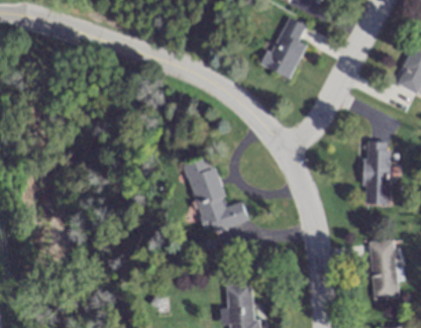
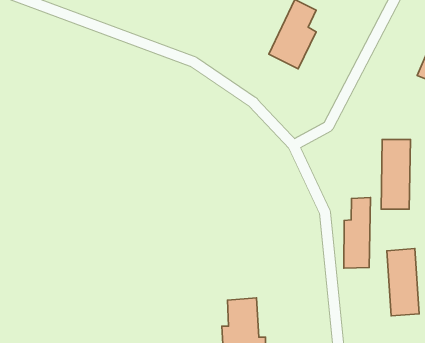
building: [185,156,247,233] -> none
building: none -> [344,198,370,268]

